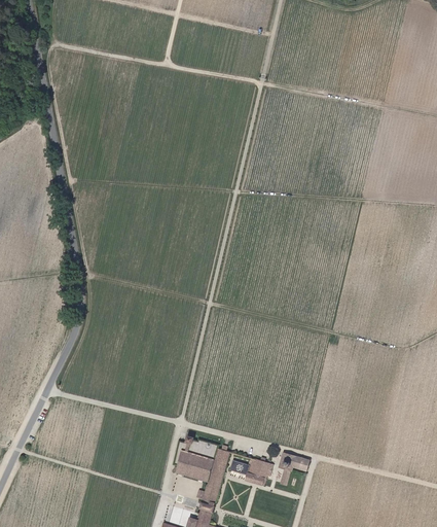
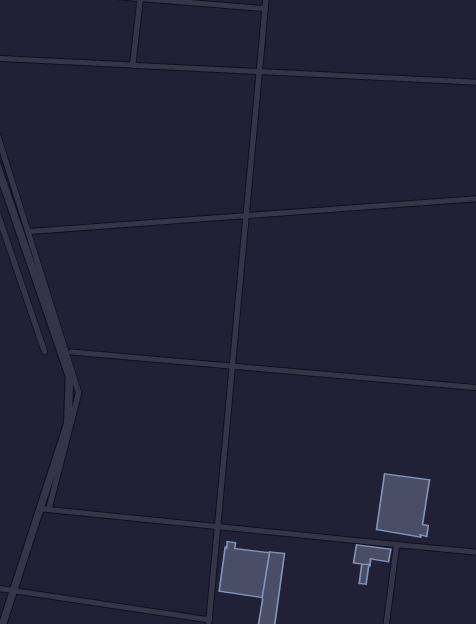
building: none -> [376,474,430,537]
building: [230,459,268,485] -> none

